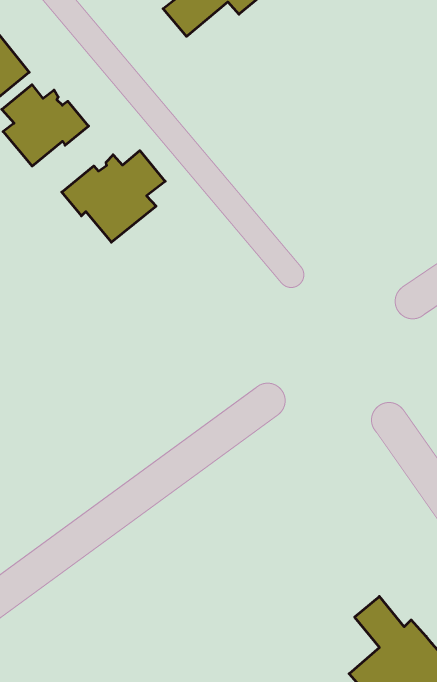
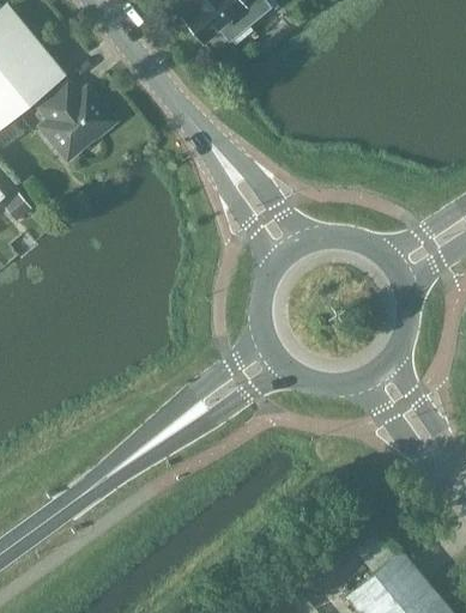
building: [62,151,165,242] -> none

